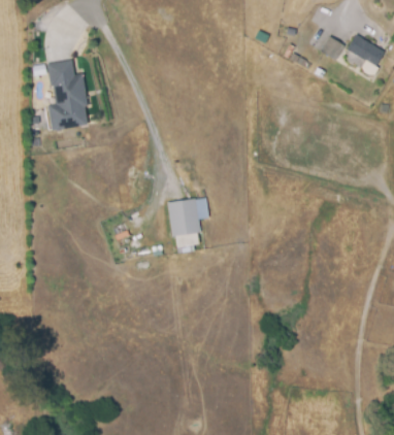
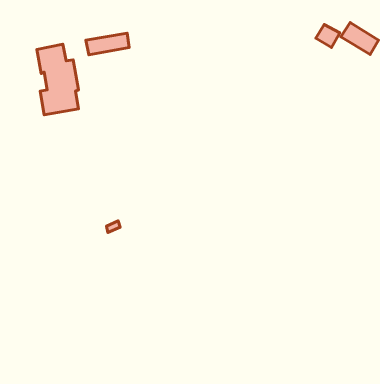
building: none -> [86,33,129,55]
building: [167,199,209,239] -> none

